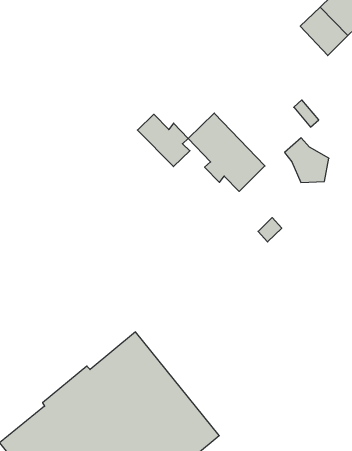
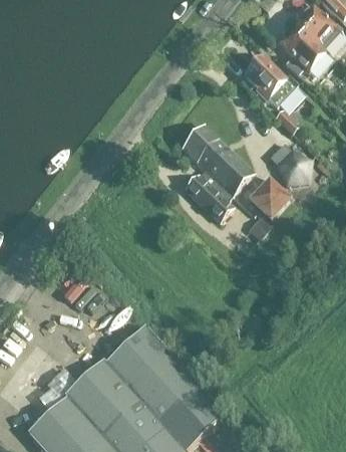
building: none -> [244,56,298,107]
building: [137,114,190,167] -> [184,174,232,220]
building: none -> [248,176,291,219]

